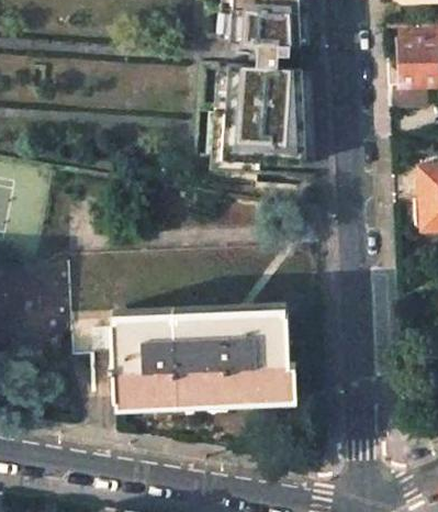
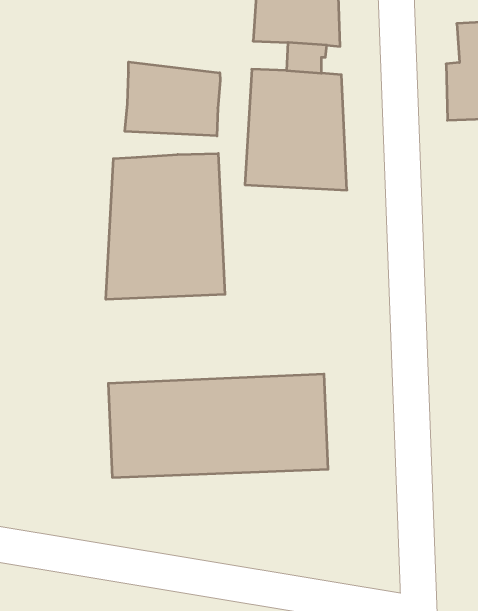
building: none -> [125,62,220,136]
building: none -> [106,153,225,299]

